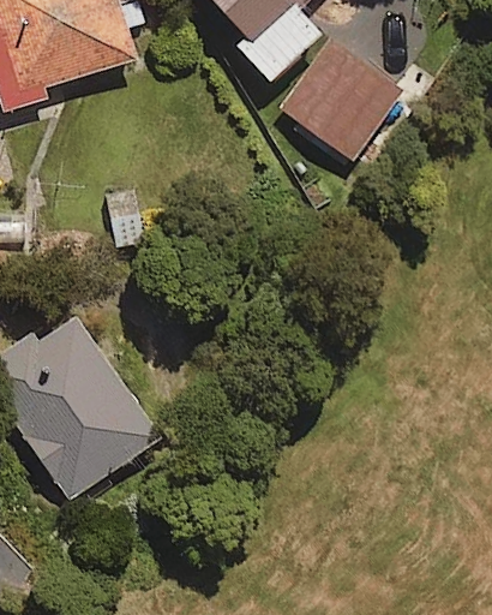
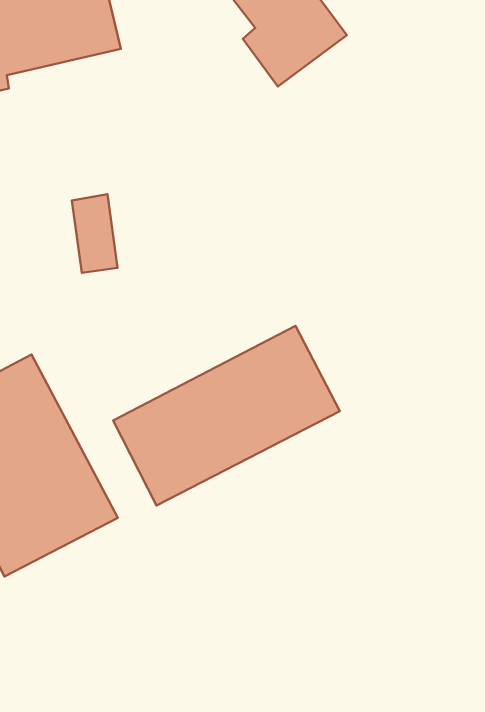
building: [281,40,401,160] -> none
building: none -> [113,326,340,505]

